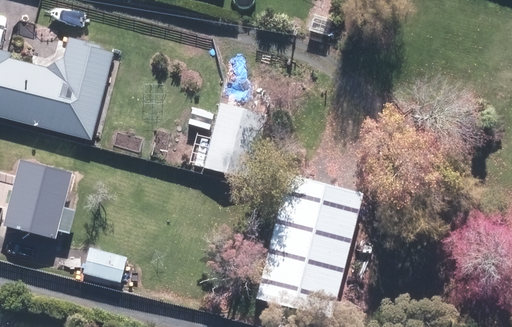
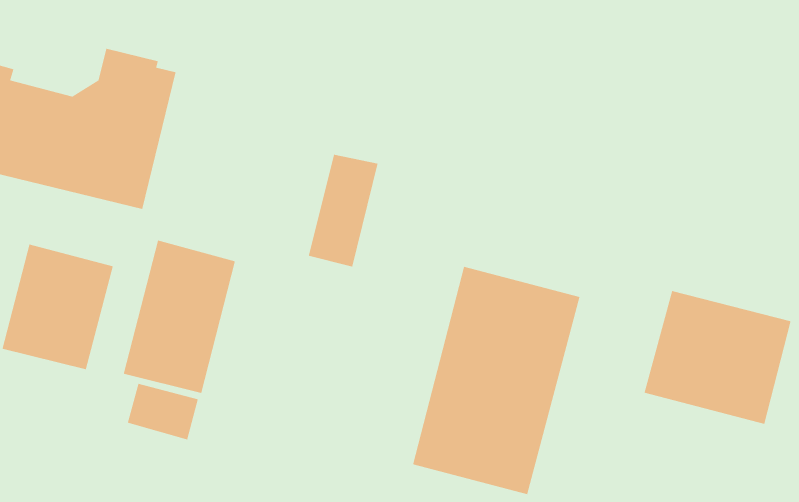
building: none -> [123,239,236,394]
building: none -> [644,290,791,425]

